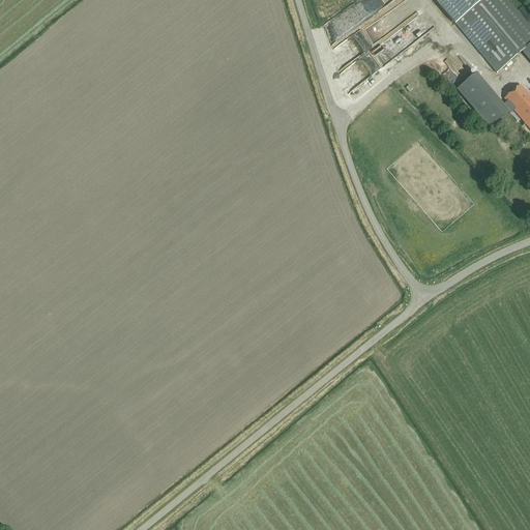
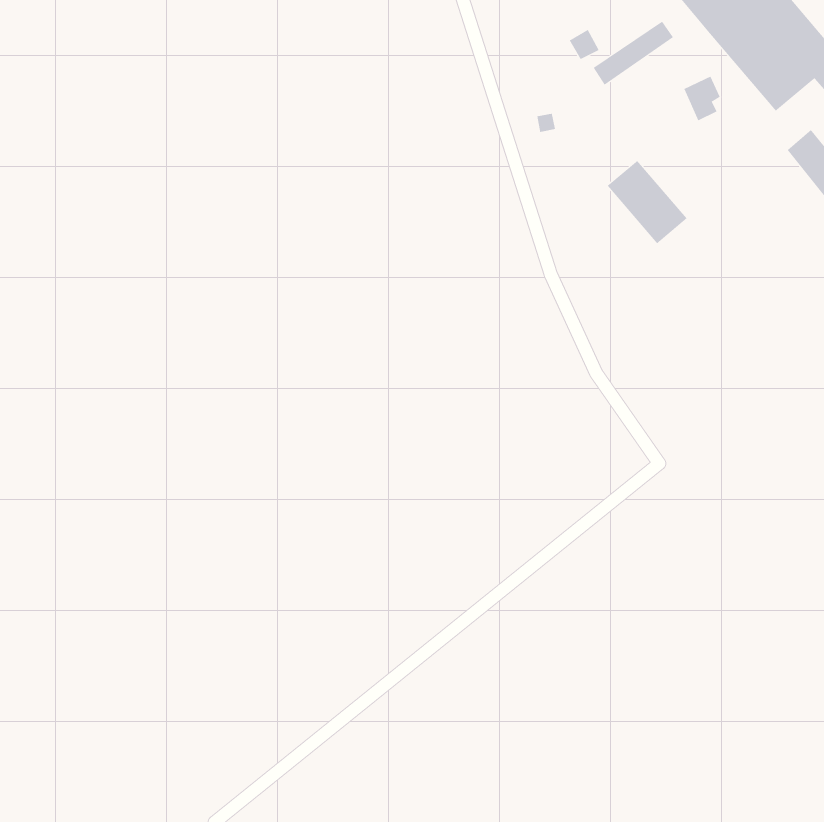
building: [458,72,509,126] -> [607,160,688,244]

